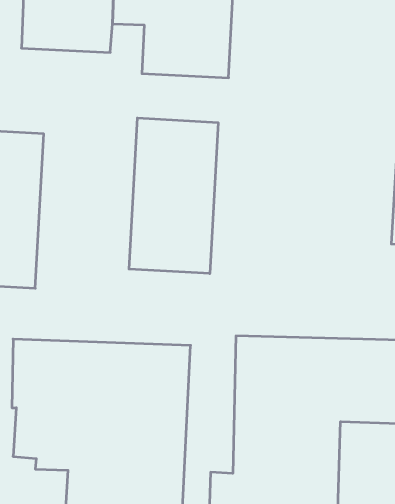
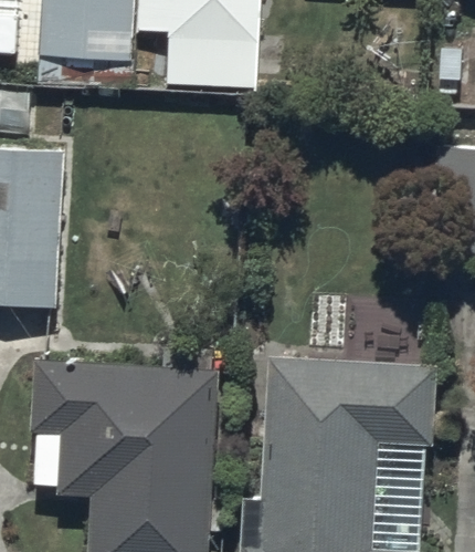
building: [129,118,218,274] -> none

